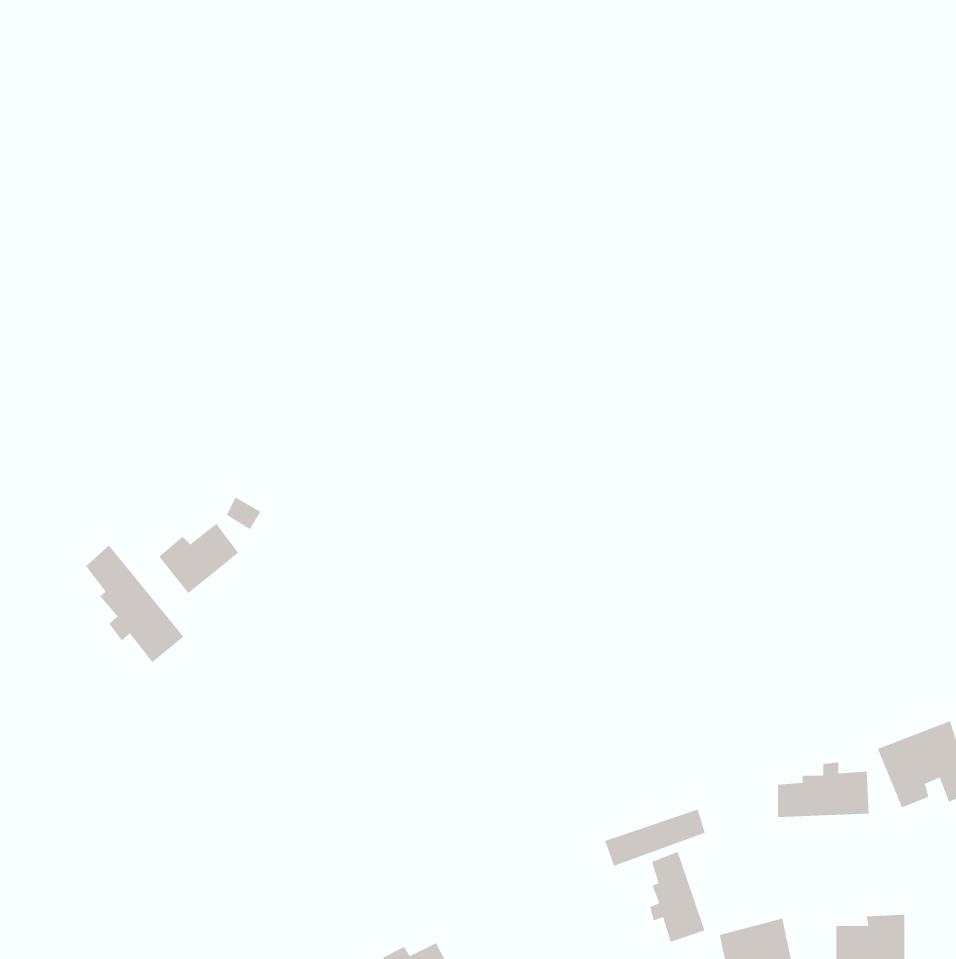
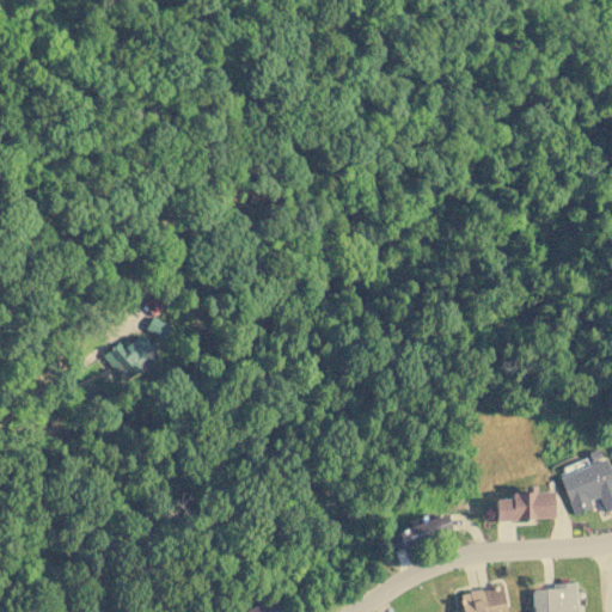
building: [85,544,184,663] -> none
building: [649,851,706,943] -> none

